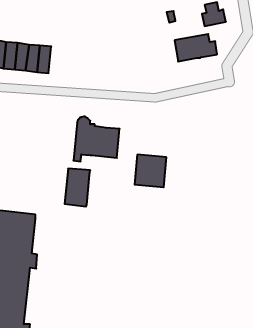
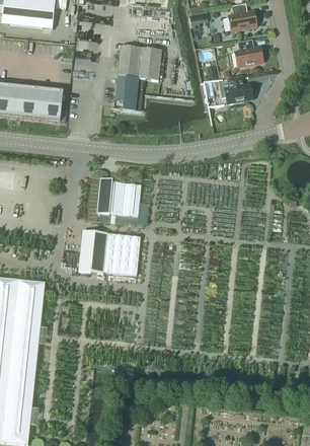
building: none -> [110,46,161,110]
building: [135,155,166,187] -> [103,236,140,274]

